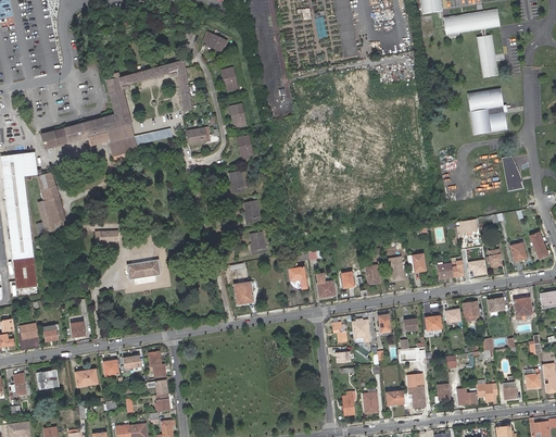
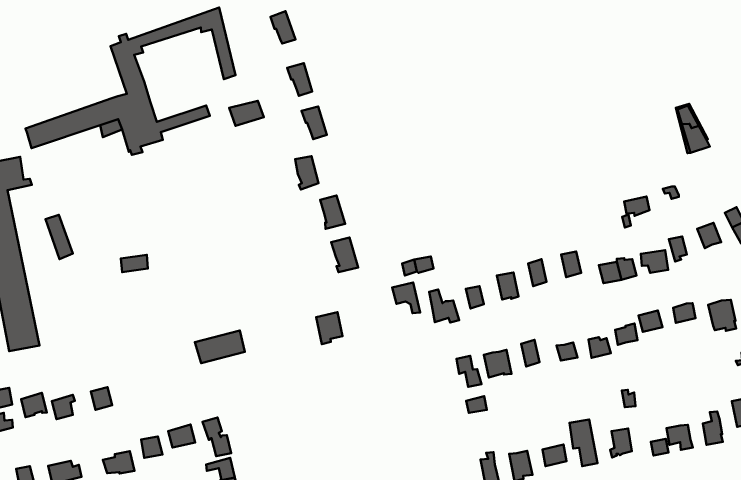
building: [467,89,506,135] -> none
building: [38,173,59,230] -> none
building: [126,259,161,279] -> [195,331,245,363]

